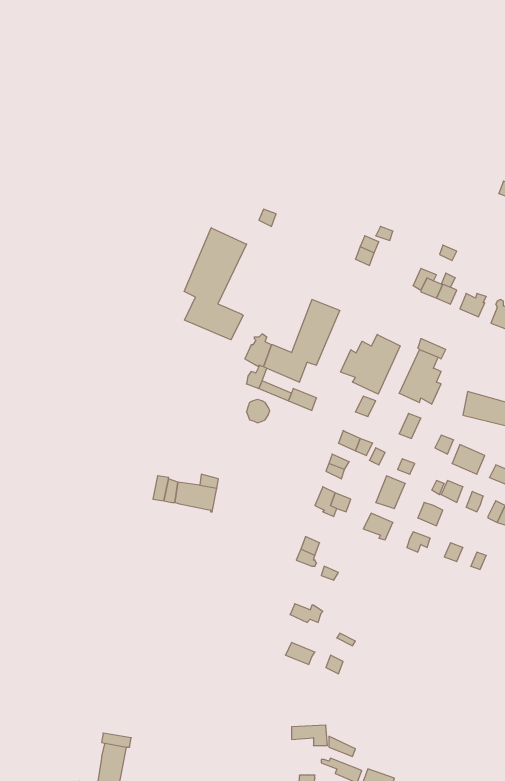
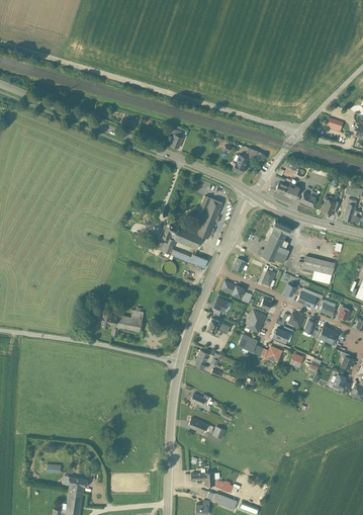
building: [184,228,247,340] -> none
building: [341,334,400,394] -> none

